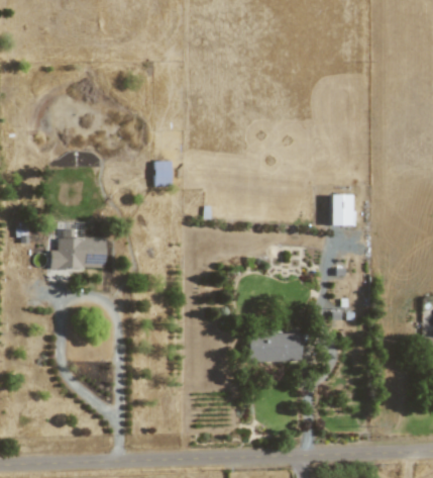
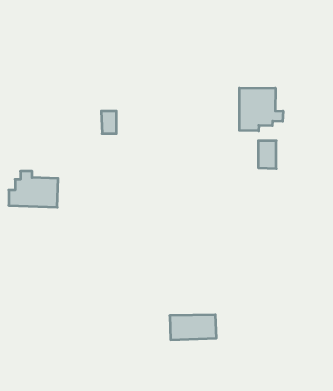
building: none -> [239,88,283,131]
building: [250,333,303,362] -> [170,315,216,340]

